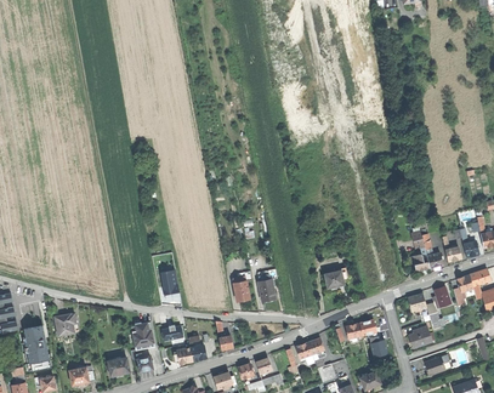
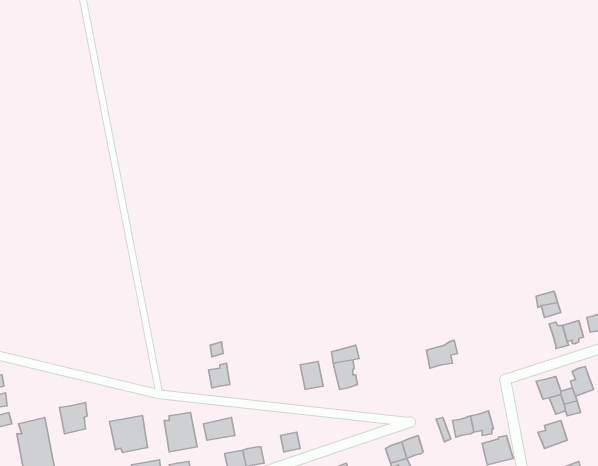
building: none -> [110,416,148,452]

